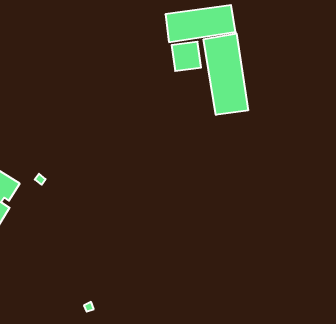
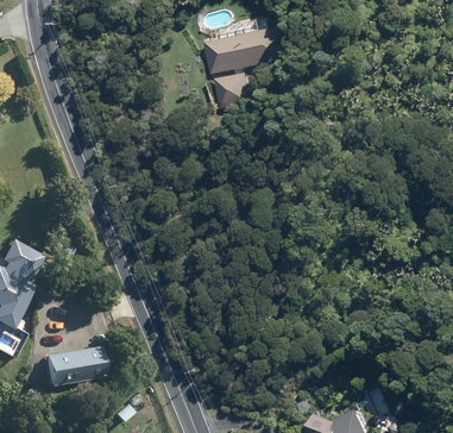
building: [204,33,248,115] -> none
building: none -> [42,345,101,385]

